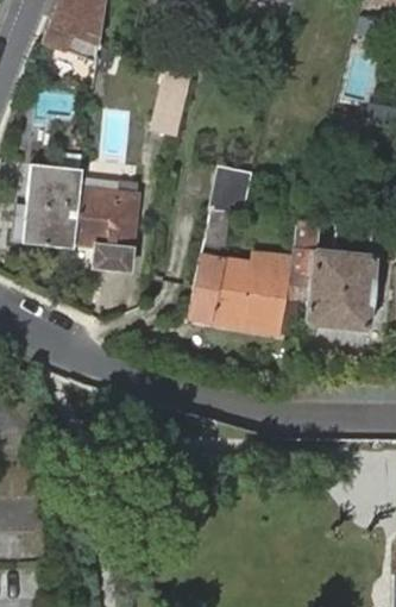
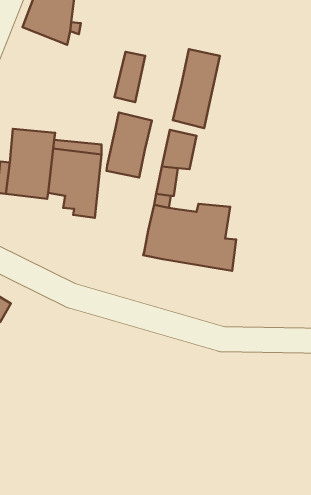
building: none -> [173,49,220,128]
building: none -> [106,112,152,178]
building: [287,220,376,332] -> none

